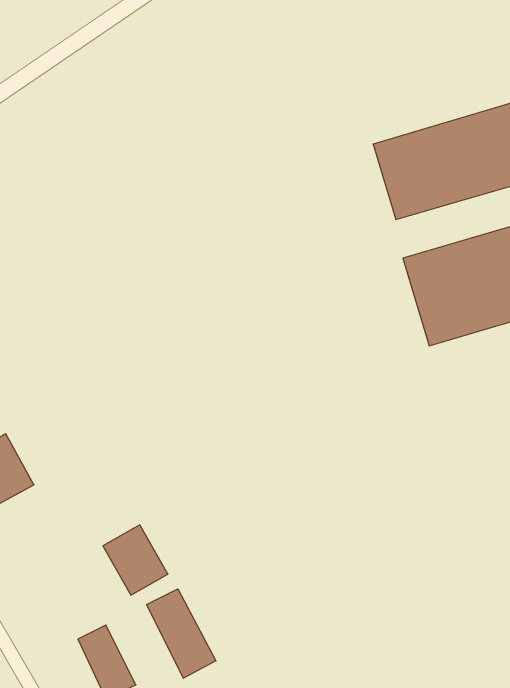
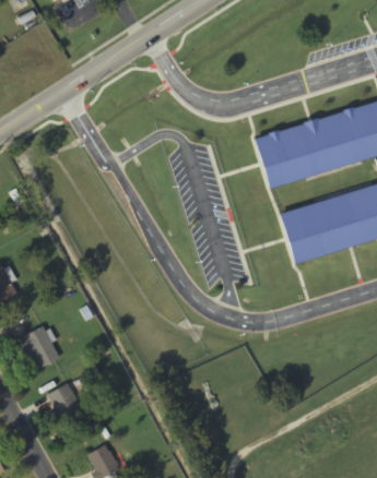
building: [103,525,168,595] -> [42,374,82,418]
building: [147,589,216,678] -> none

